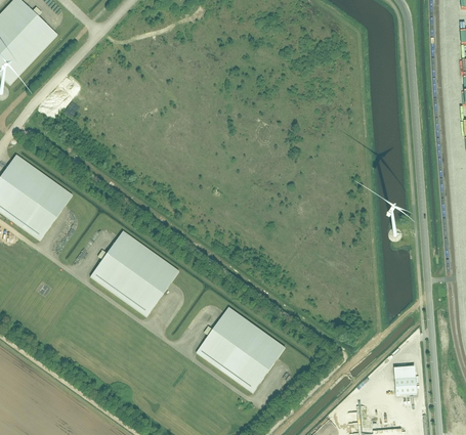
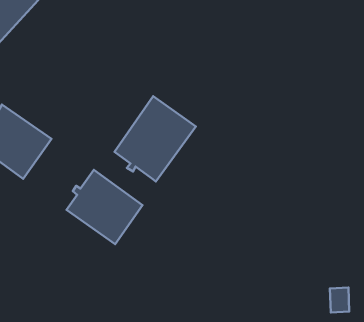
building: none -> [115,96,196,182]
building: [197,305,285,391] -> none

